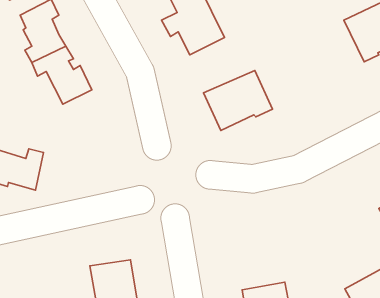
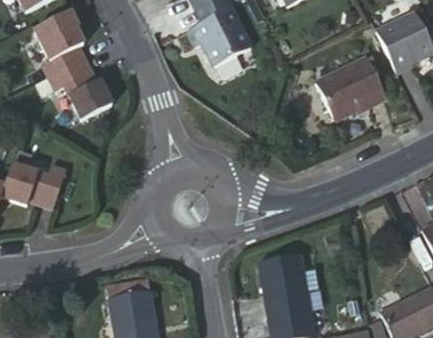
building: [204,70,272,130] -> [311,57,382,119]
building: none -> [257,249,311,309]

